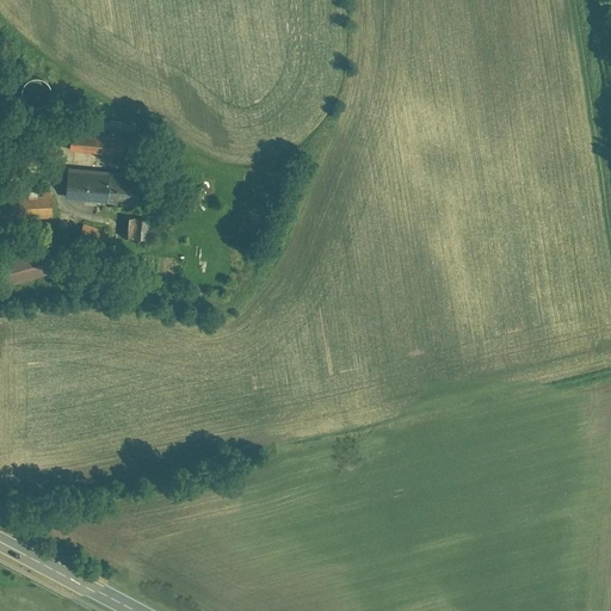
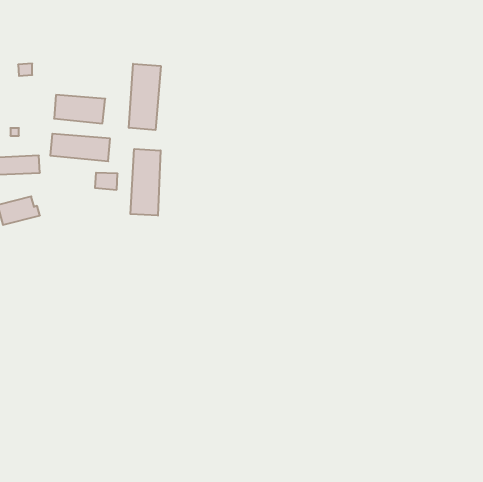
building: none -> [129,64,161,130]
building: none -> [130,149,161,216]

